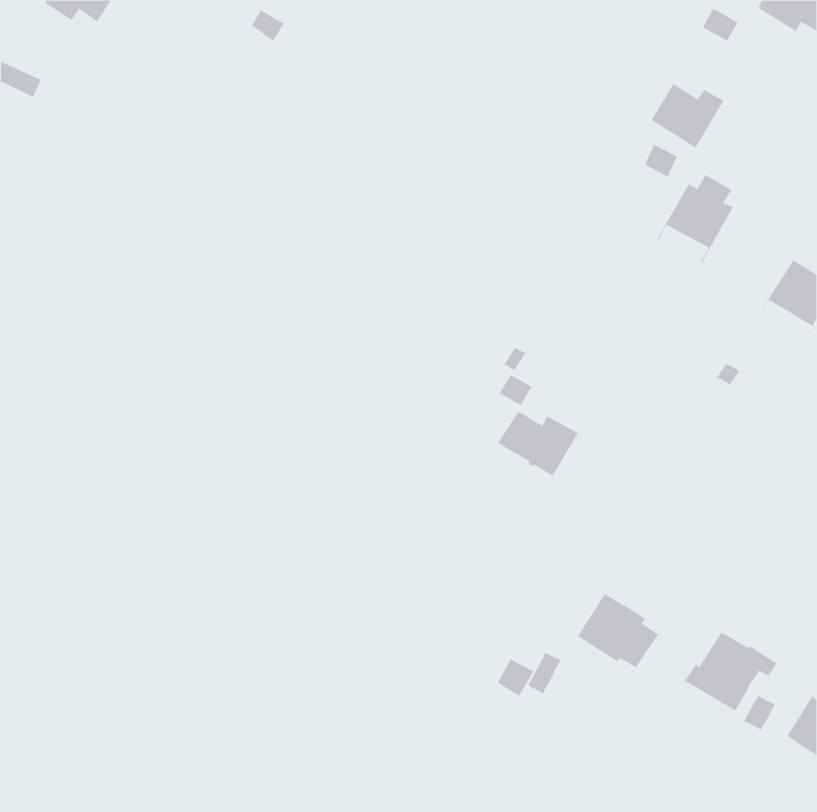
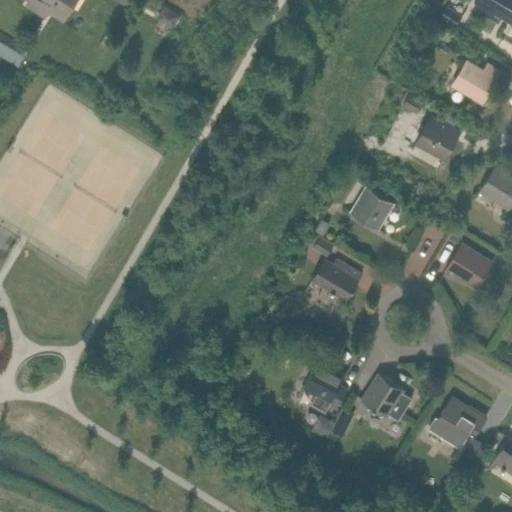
building: [651,83,724,149] -> [453,62,499,103]
building: none -> [348,186,394,231]
building: none -> [448,245,491,288]
building: none -> [302,360,347,413]

